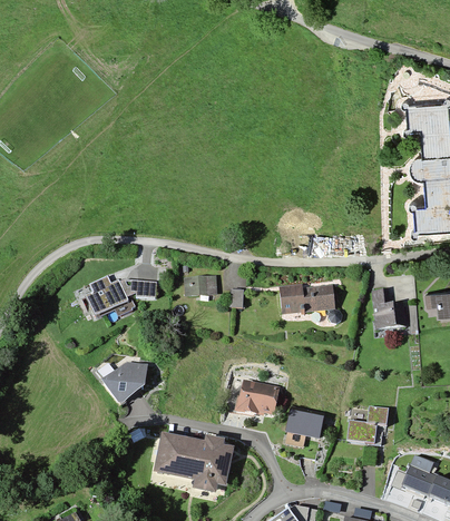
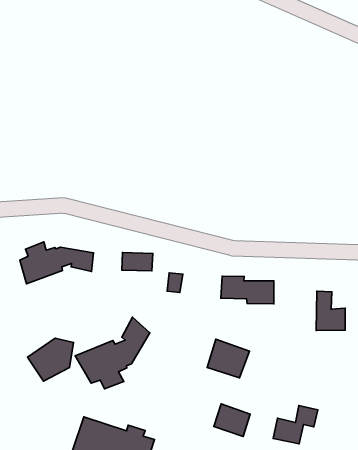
building: none -> [75,317,150,389]
building: [241,382,280,416] -> [207,339,249,378]

